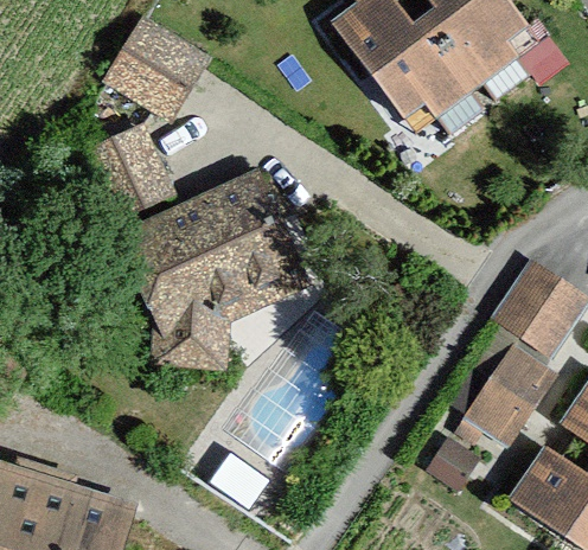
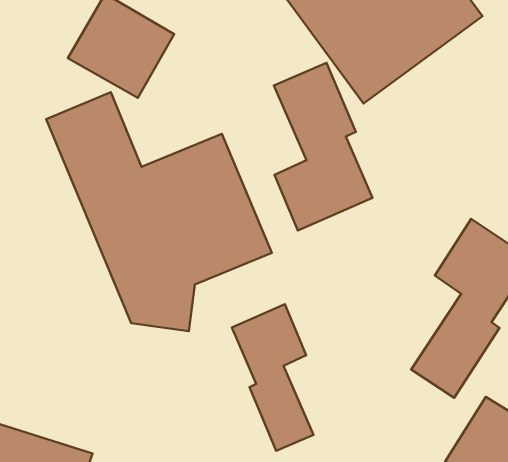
building: none -> [274,63,373,230]
building: none -> [232,304,313,451]

